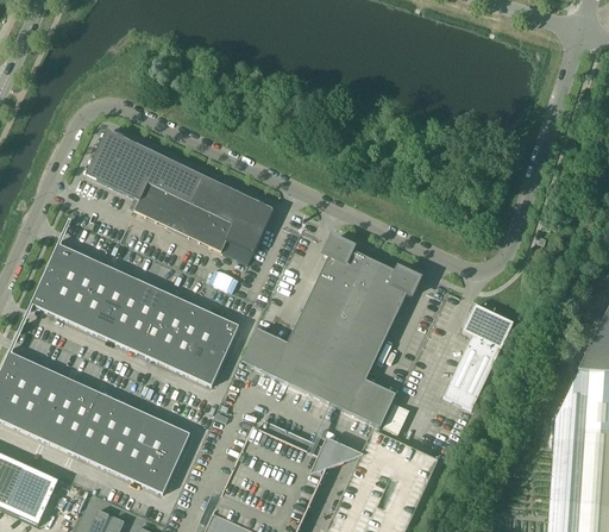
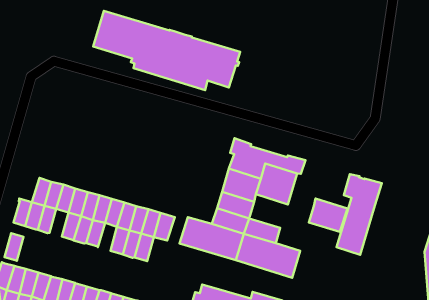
building: [86,130,274,252] -> [93,11,240,90]
building: [44,243,74,280] -> none
building: [76,293,105,330] -> [4,233,24,261]
building: [335,312,388,359] -> [309,198,347,232]
building: [136,320,164,357] -> none
building: [196,348,226,386] -> none

